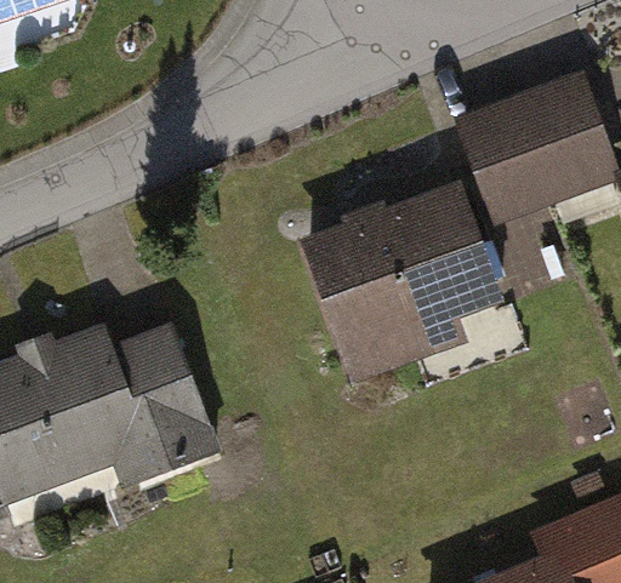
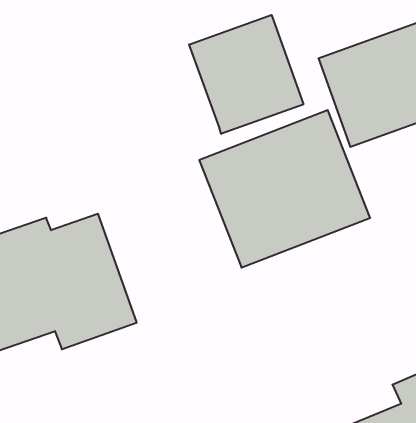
building: none -> [189,15,303,134]

